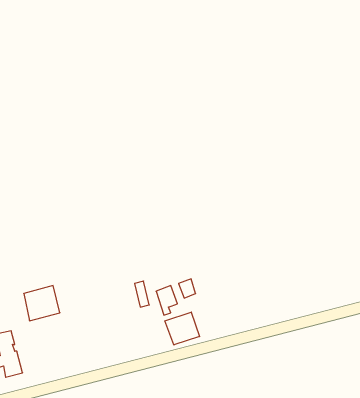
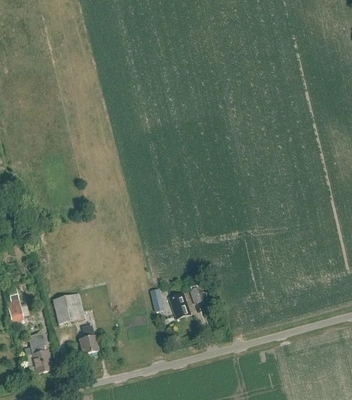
building: [165,312,200,345] -> none
building: none -> [80,324,98,354]

